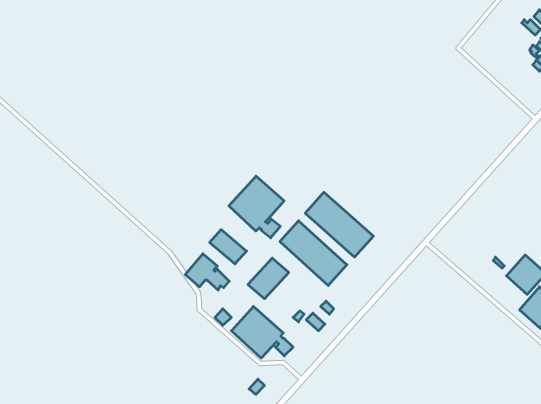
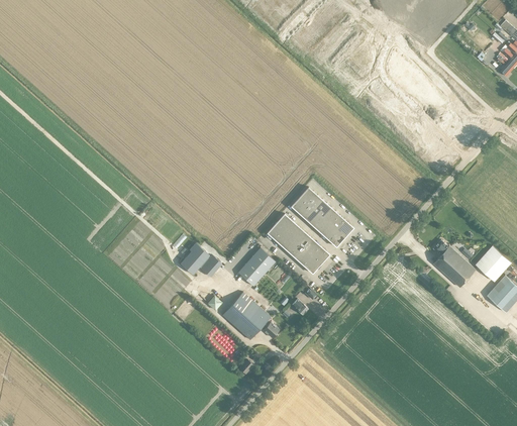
building: [229,176,284,238] -> none
building: [210,230,247,264] -> none
building: none -> [432,240,475,288]

